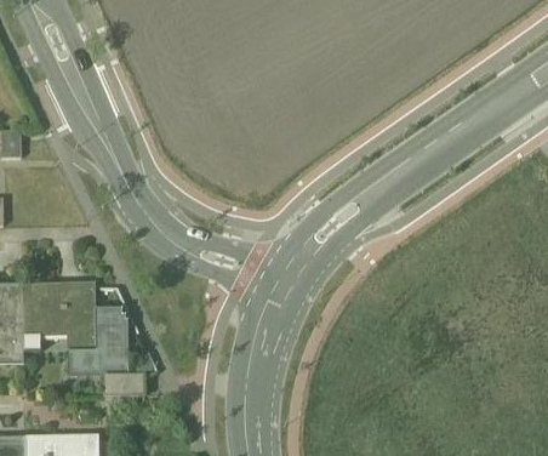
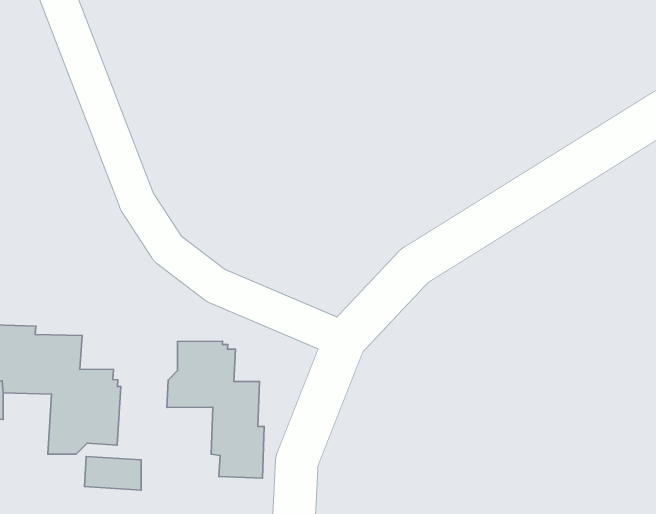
building: none -> [167,341,264,478]

